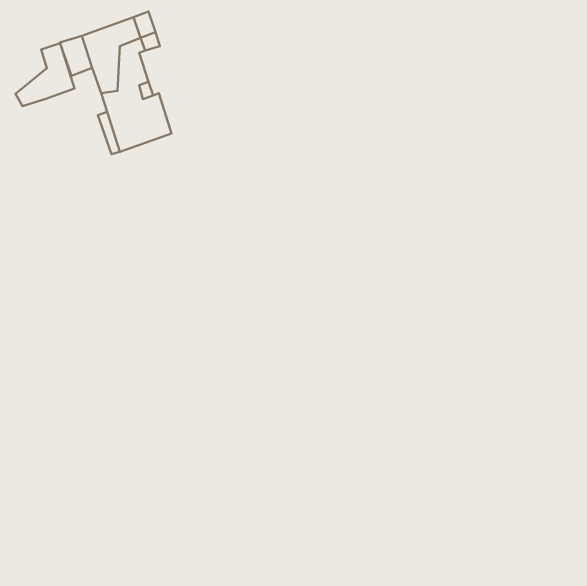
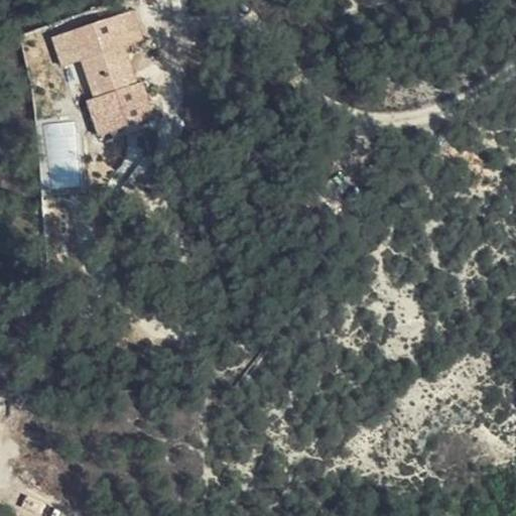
building: [15,43,75,106] -> none

